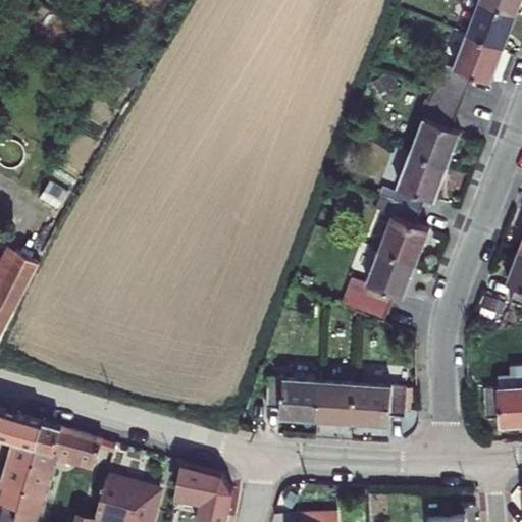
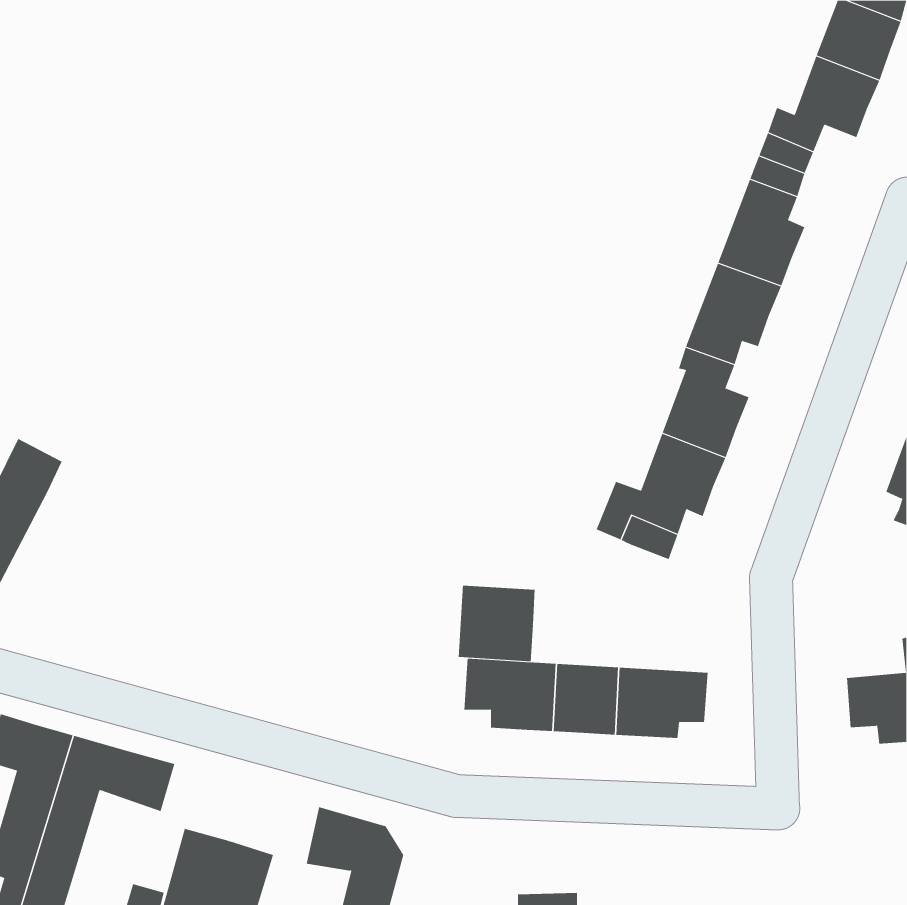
building: none -> [458,585,535,662]

